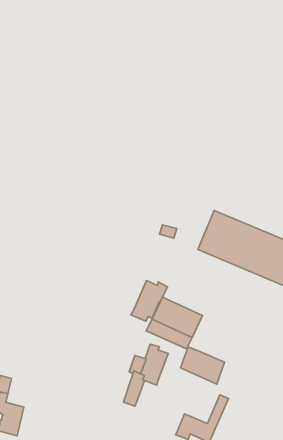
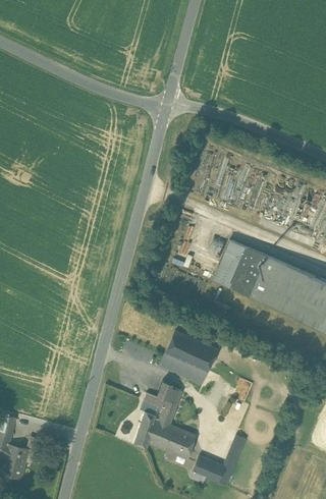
building: [131,281,168,321] -> none
building: [181,347,225,384] -> [148,422,195,461]

